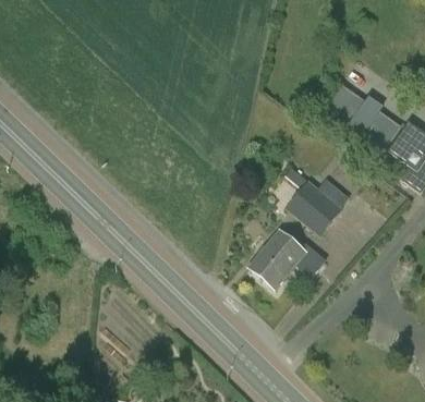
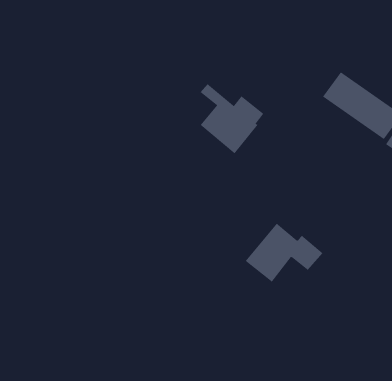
building: [284,167,349,237] -> [200,83,264,154]

